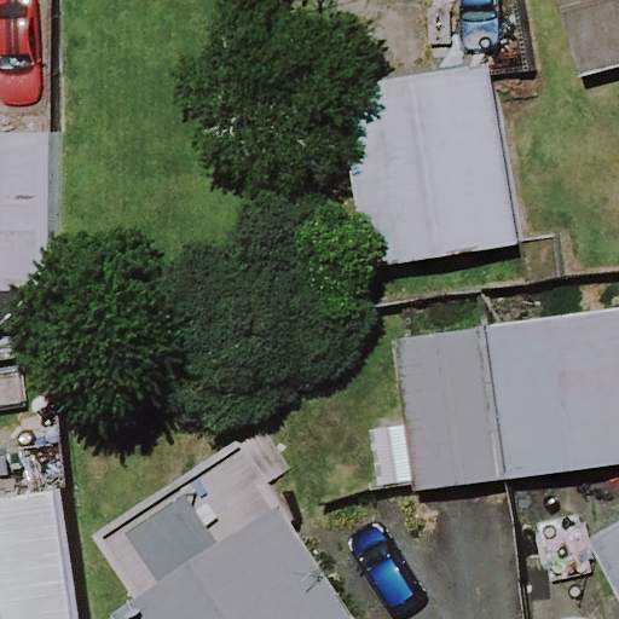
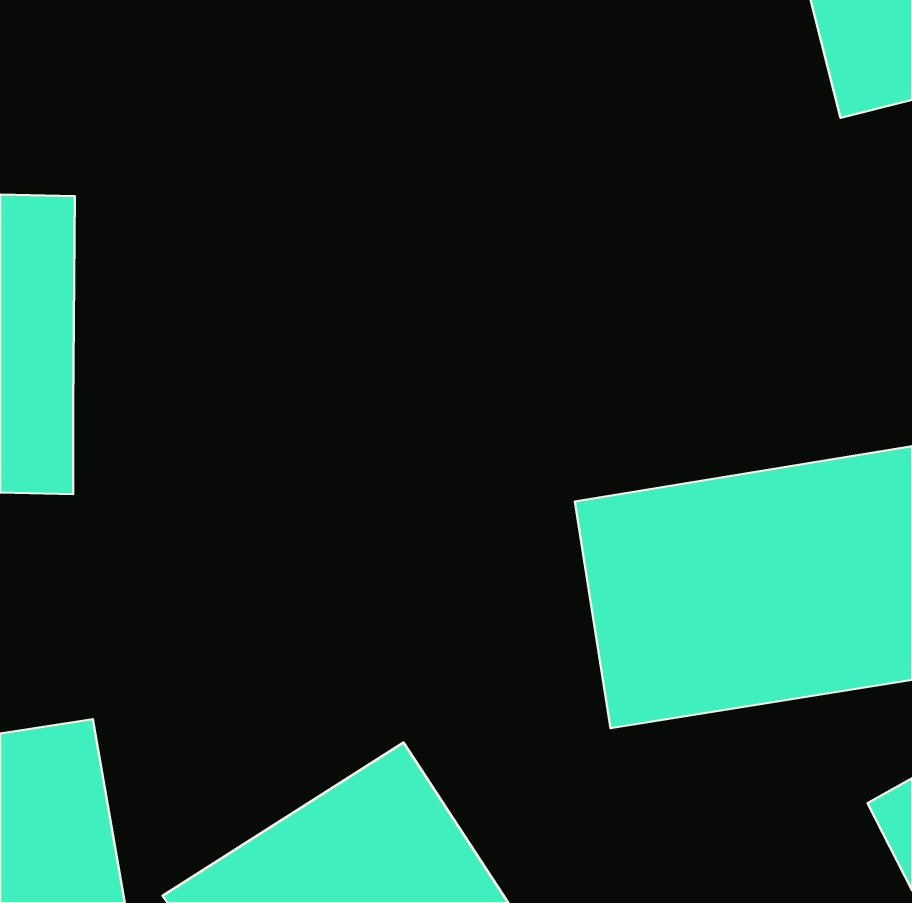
building: [347,65,516,268] -> none

